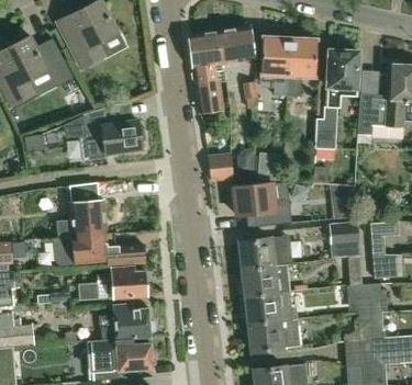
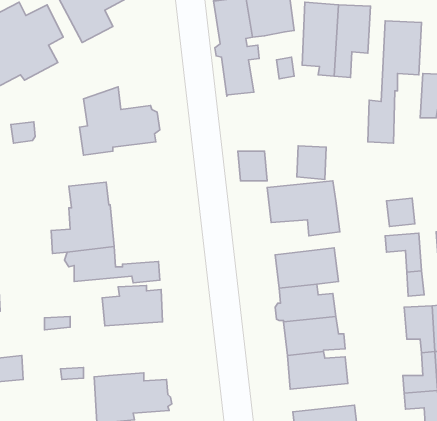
building: [99,305,151,341] -> none

